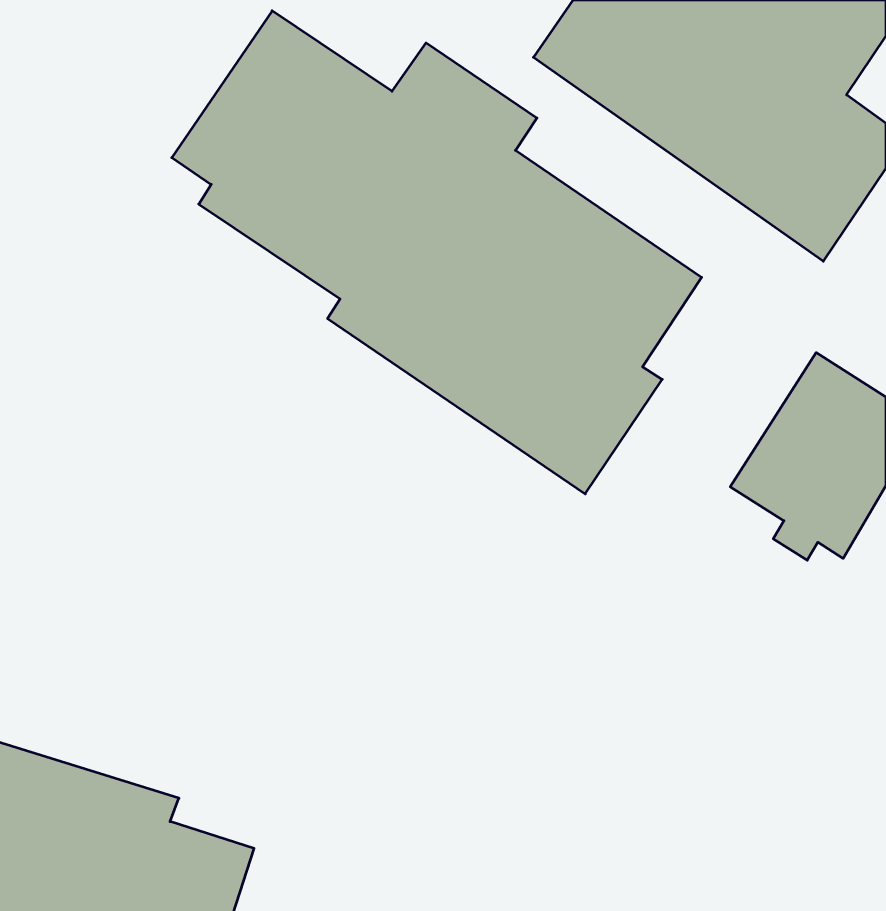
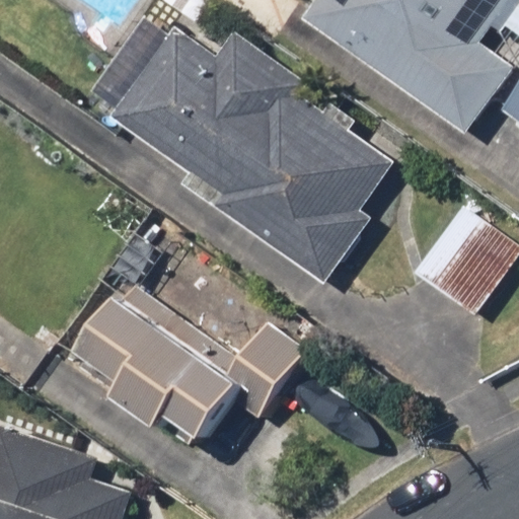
building: none -> [87,283,317,430]

